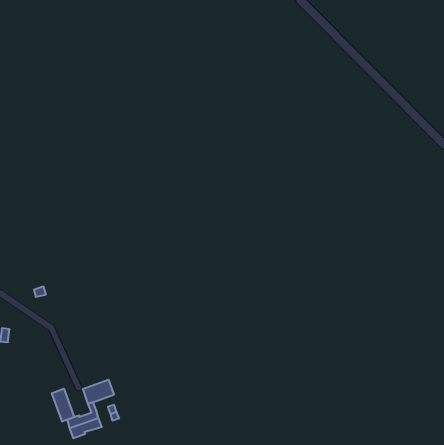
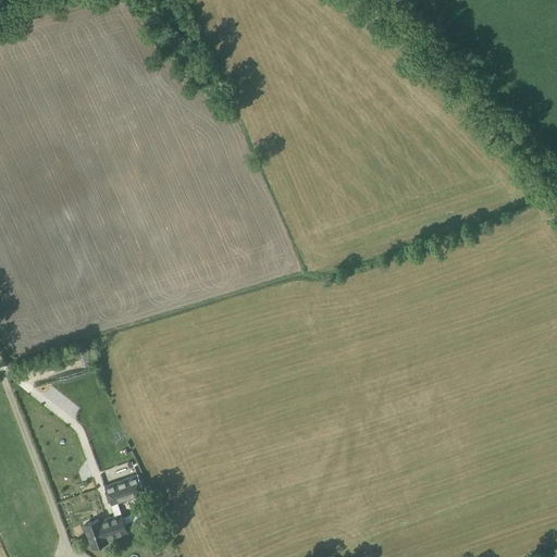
building: [52,389,74,422] -> none

